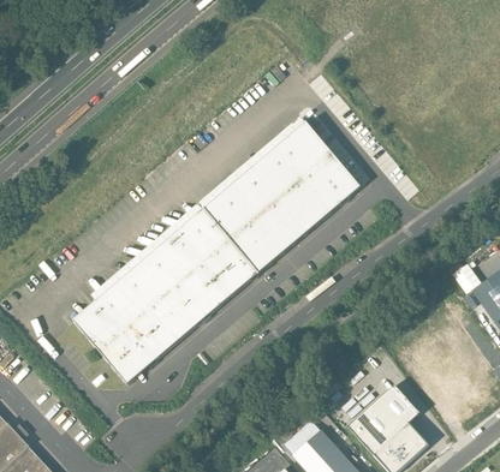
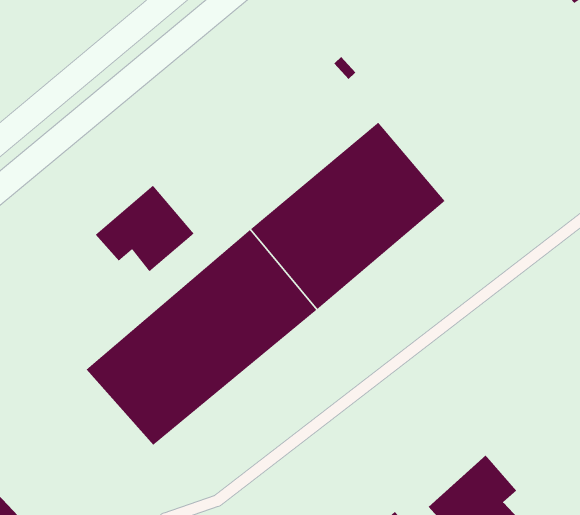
building: none -> [95,185,194,272]

